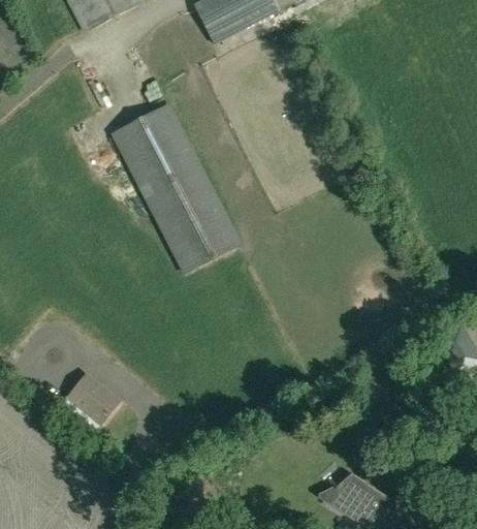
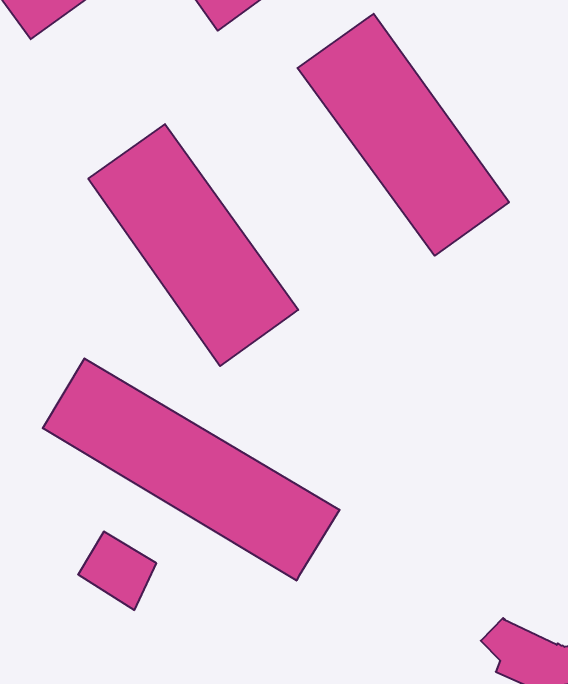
building: none -> [297,14,509,256]
building: none -> [43,358,340,581]

